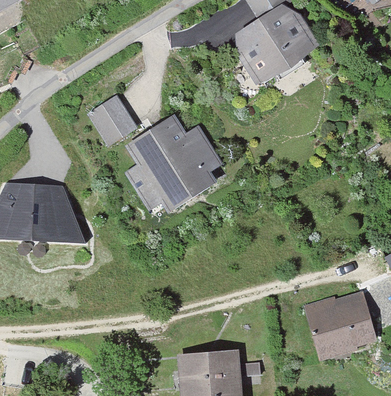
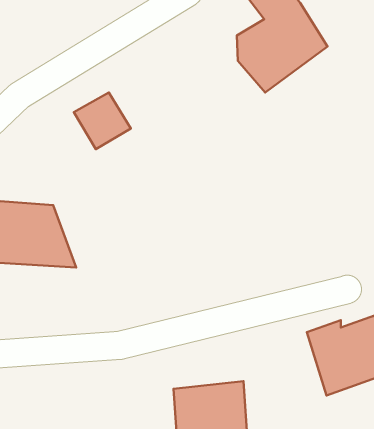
building: [122,114,224,215] -> none

